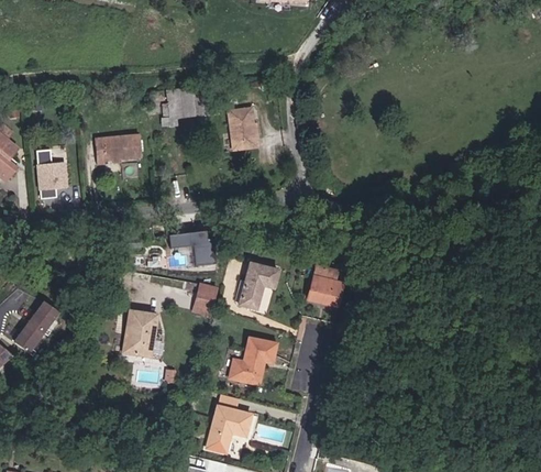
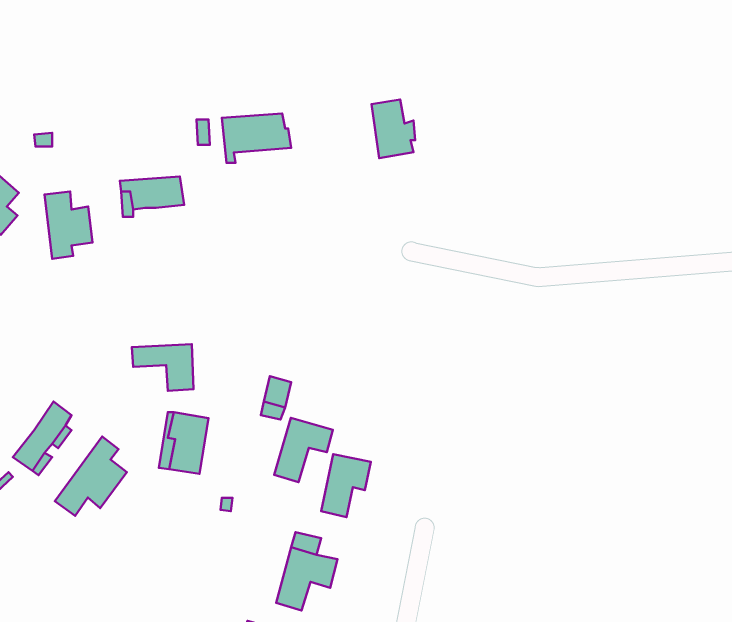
building: [227,108,258,151] -> [372,100,415,158]
building: [168,229,213,263] -> [132,344,193,391]
building: [238,266,280,314] -> [274,418,333,482]
building: [309,270,344,311] -> none
building: none -> [55,436,127,516]

